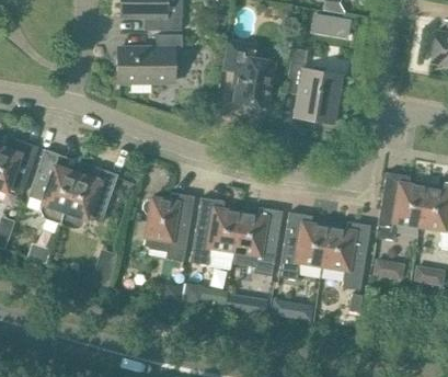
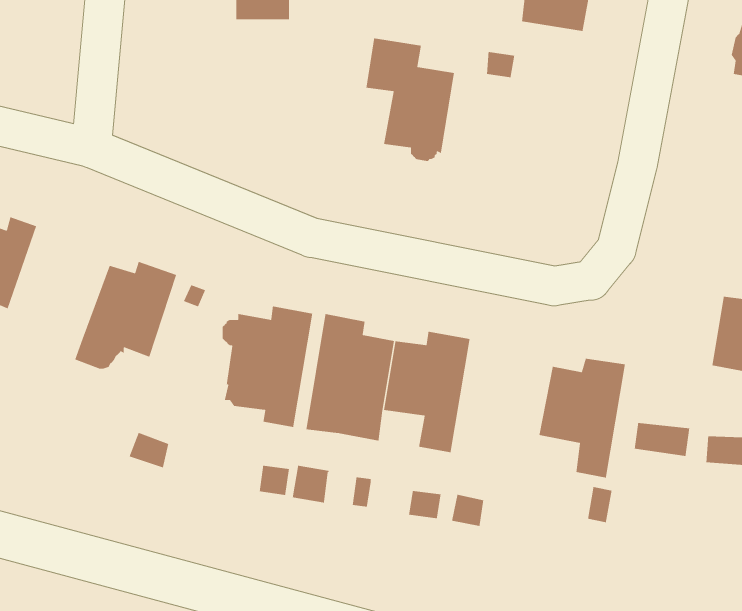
building: [118,34,182,81] -> none
building: [294,68,341,123] -> none
building: [28,148,79,222] -> none
building: [375,172,425,240] -> none
building: [278,212,329,279] -> none

